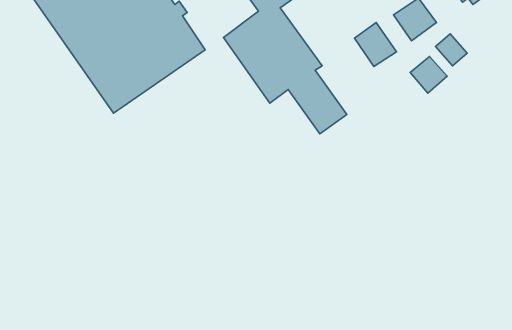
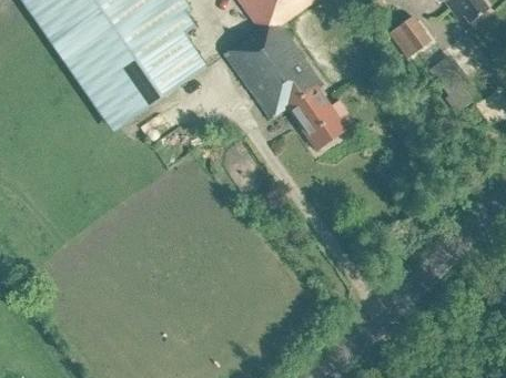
building: [355,23,396,67] -> none
building: [410,56,447,93] -> none

